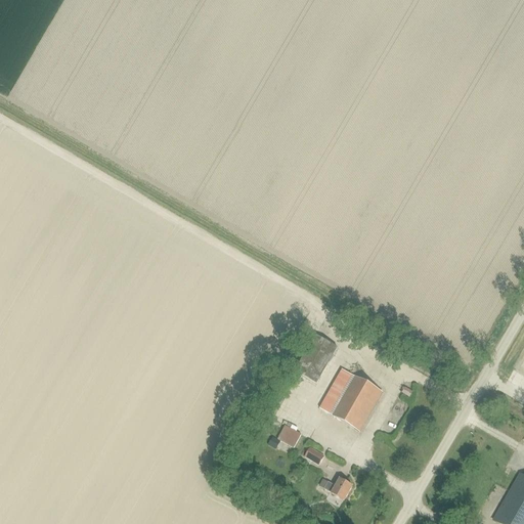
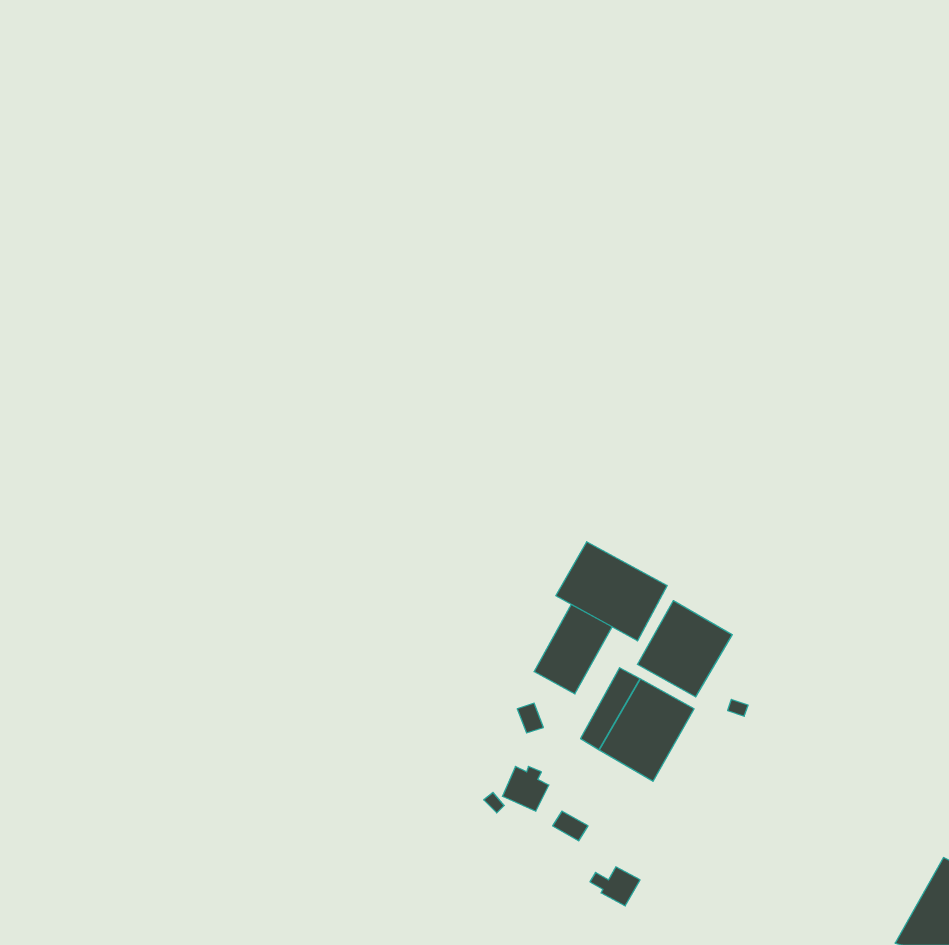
building: none -> [556,542,667,641]
building: none -> [637,601,732,697]

